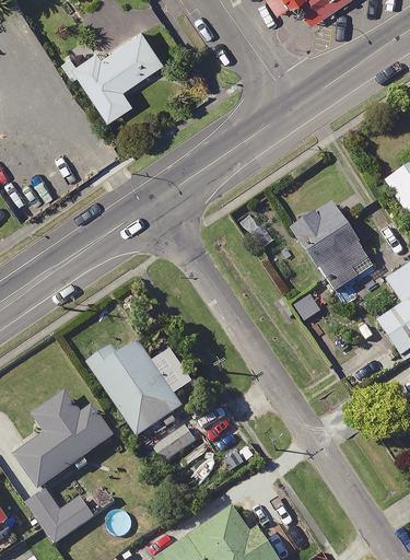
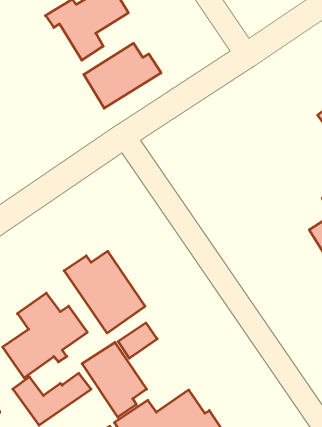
building: none -> [84,43,161,108]
building: [294,201,373,291] -> none
building: none -> [82,342,147,417]

